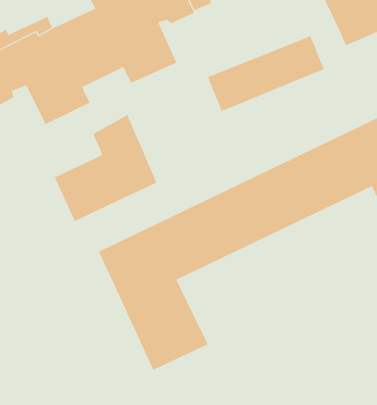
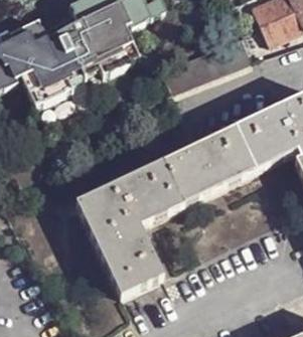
building: [54,114,157,222] -> none

